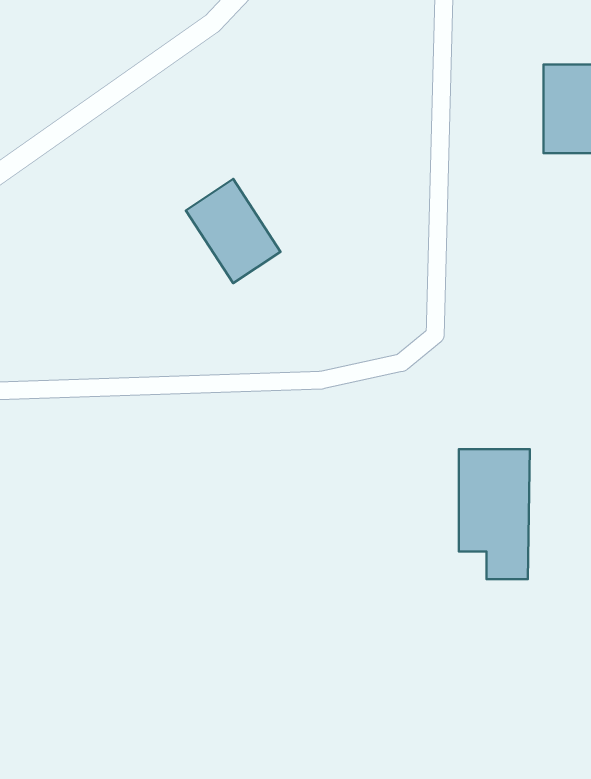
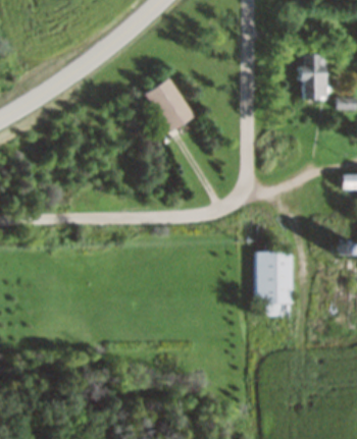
building: [186,179,280,283] -> [145,78,194,132]

